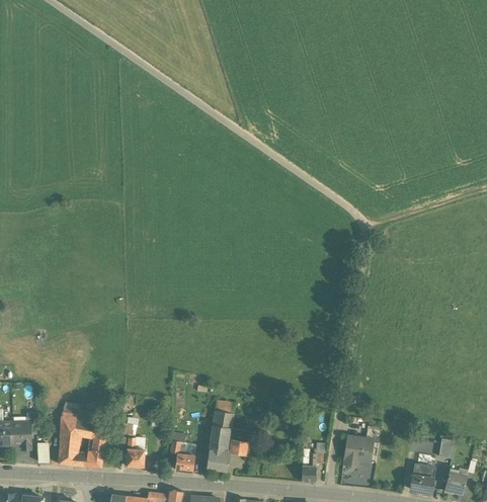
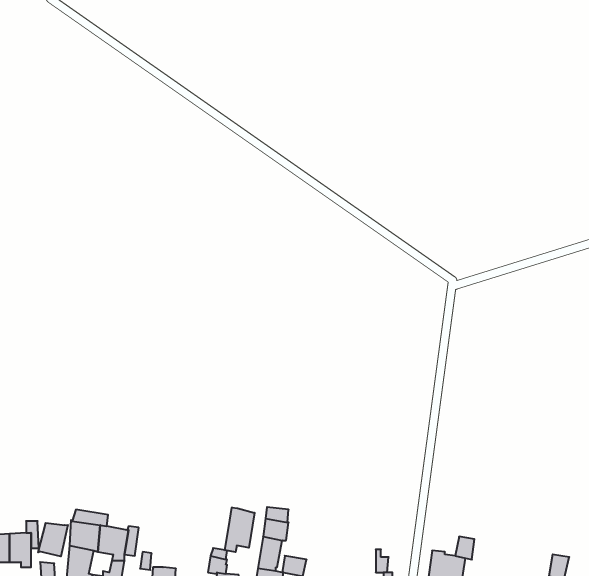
building: none -> [225,507,255,552]
building: none -> [38,523,68,556]

